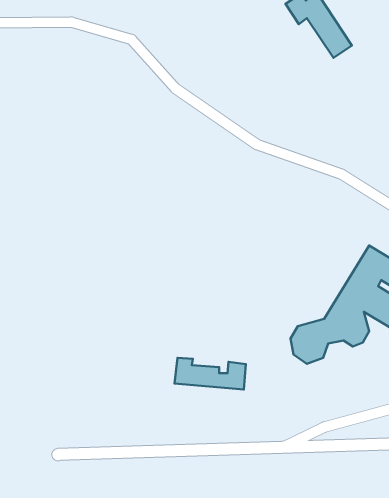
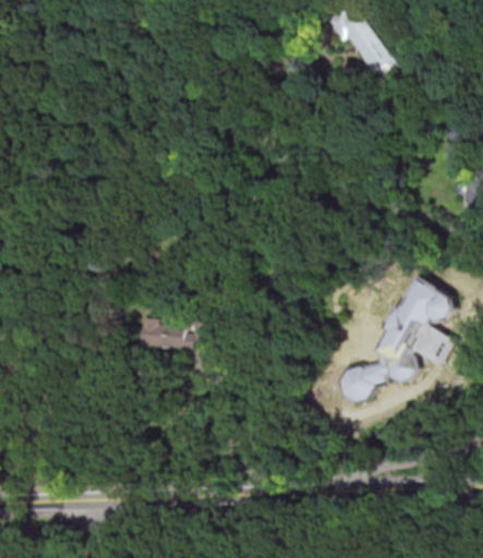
building: [174,358,246,390] -> [137,318,214,352]

